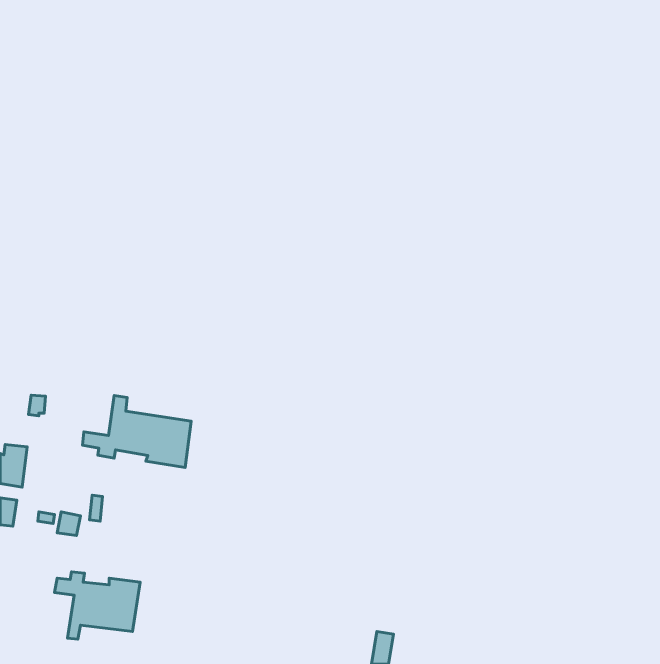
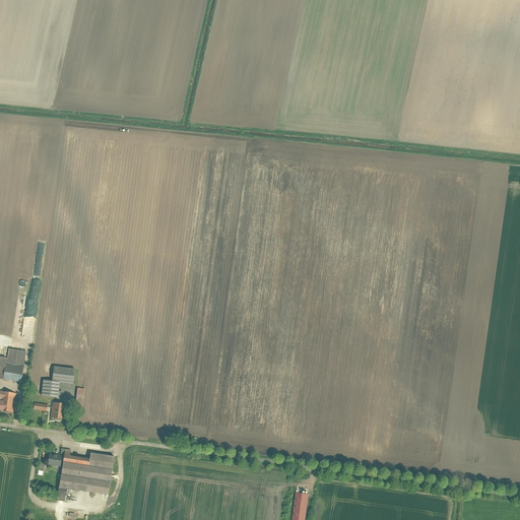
building: [83,396,191,467] -> none
building: none -> [40,365,73,396]

